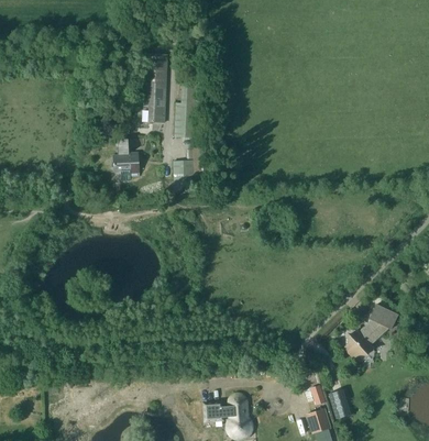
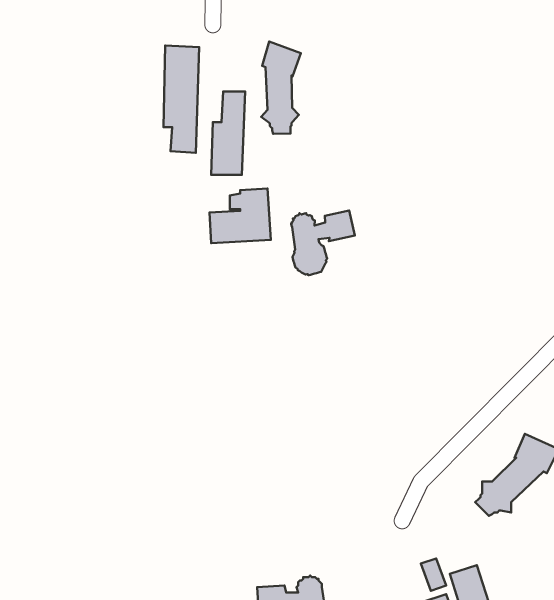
building: none -> [261,41,301,134]
building: [113,139,139,181] -> none
building: none -> [291,210,355,275]

